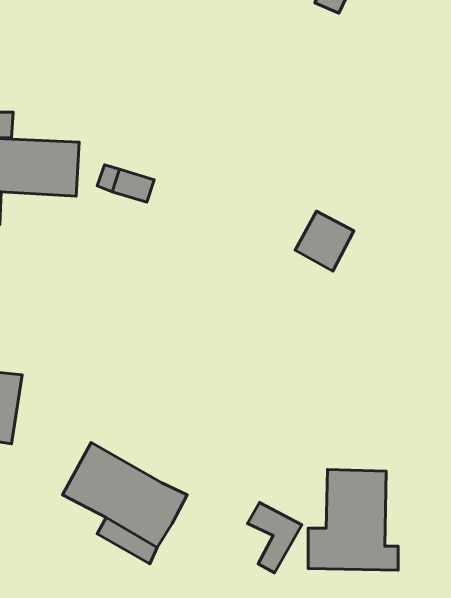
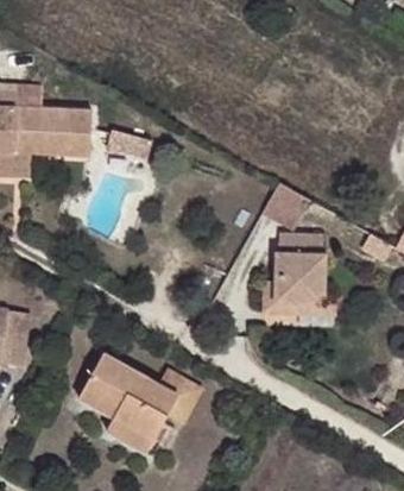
building: [308,470,398,570] -> [258,240,329,320]
building: [248,502,302,573] -> [157,370,200,426]

